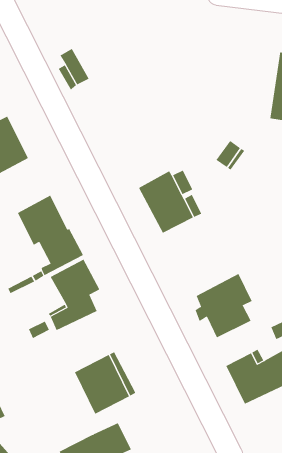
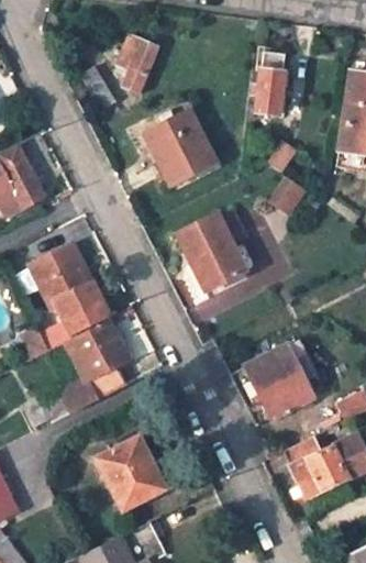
building: none -> [117,35,160,96]
building: none -> [251,53,285,117]
building: none -> [144,109,218,187]

